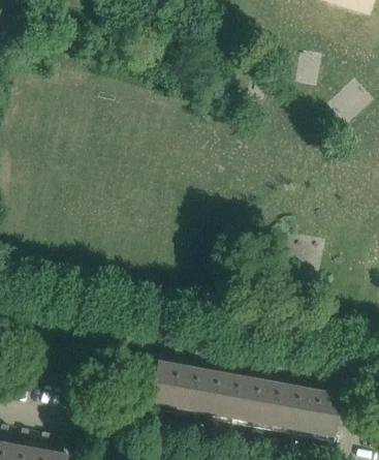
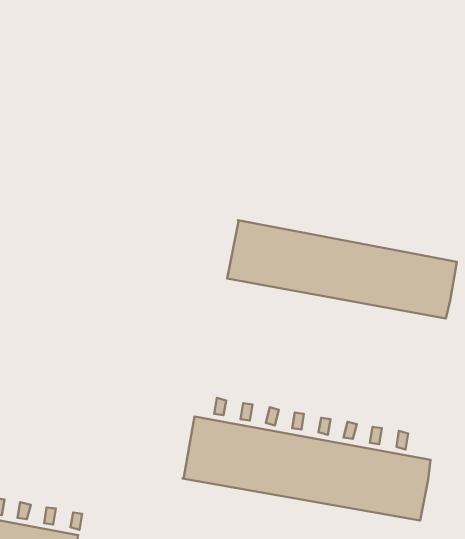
building: none -> [227,220,457,319]

